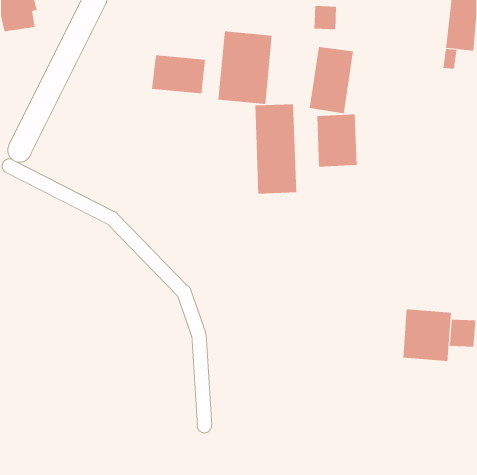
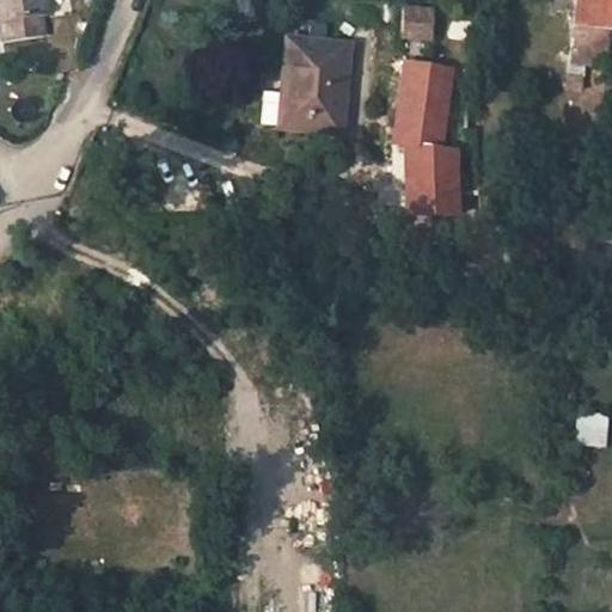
building: [152,54,206,94] -> none
building: [255,103,297,194] -> none
building: [403,309,451,362] -> none

